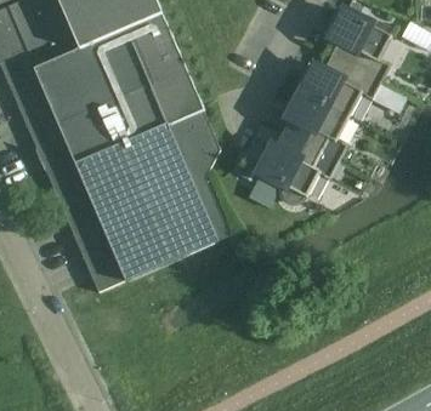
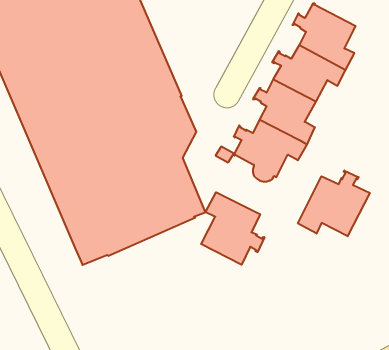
building: none -> [298,170,370,236]
building: none -> [201,192,264,265]

